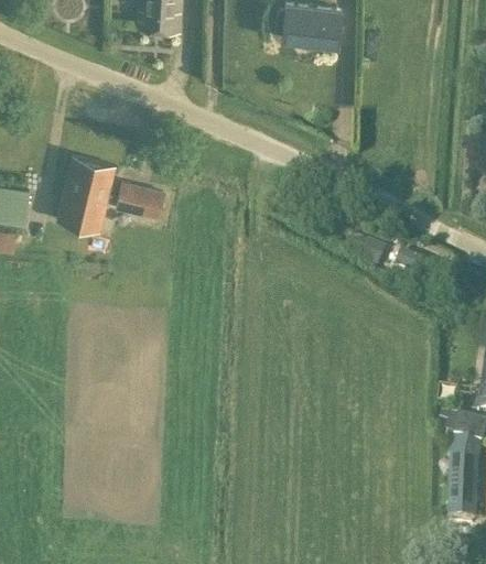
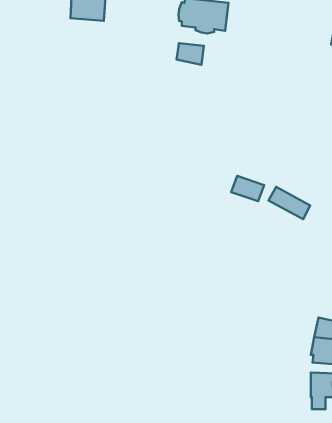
building: none -> [177,43,204,65]
building: [57,153,117,229] -> none
building: [116,181,165,216] -> none

